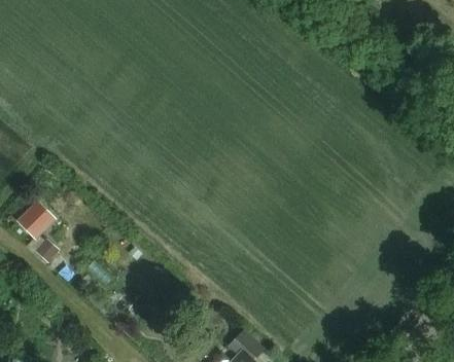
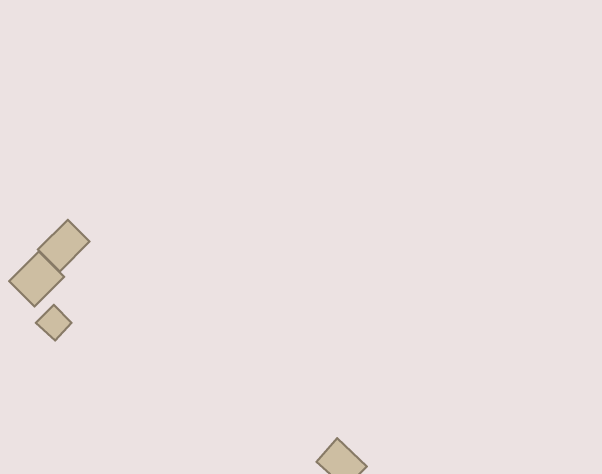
building: none -> [38,220,90,271]

